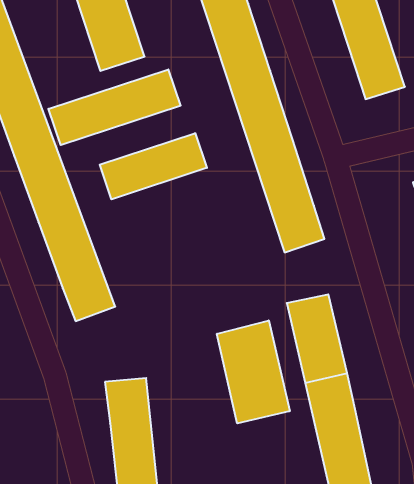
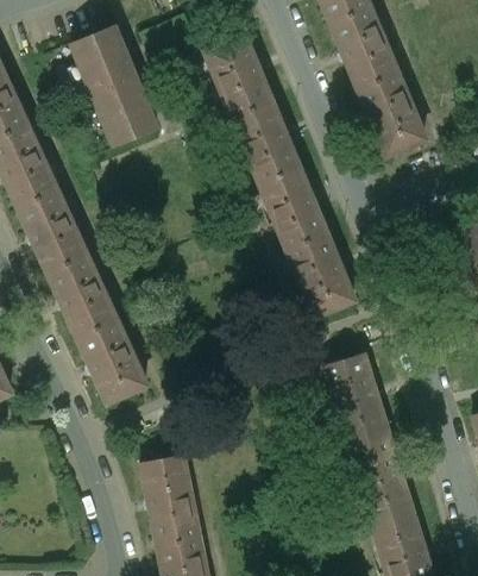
building: [48,69,181,145] -> none
building: [100,133,207,199] -> none
building: [217,320,290,423] -> none

